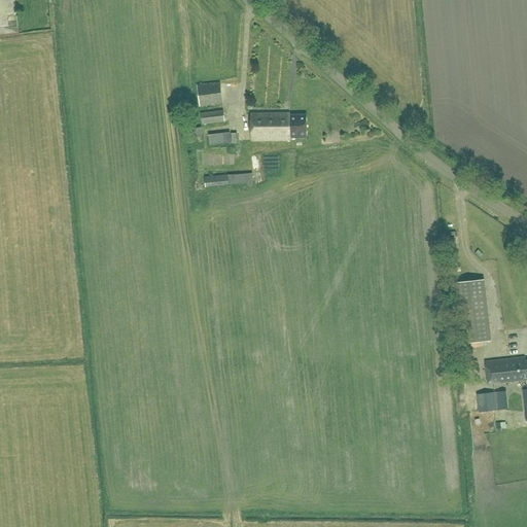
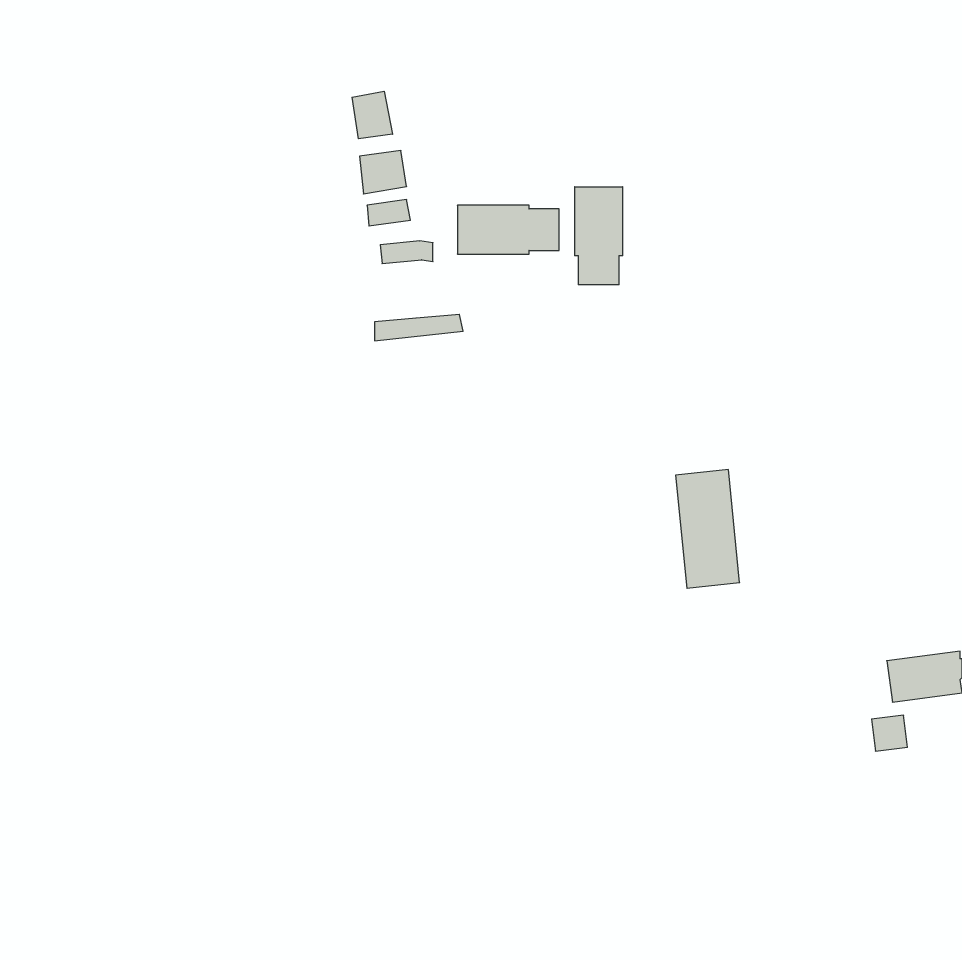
building: none -> [352,91,393,139]
building: none -> [575,187,623,285]
building: [455,279,490,344] -> [676,470,740,588]

